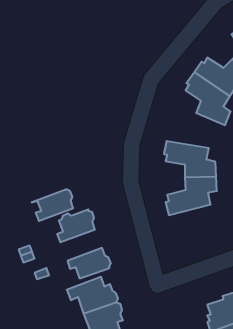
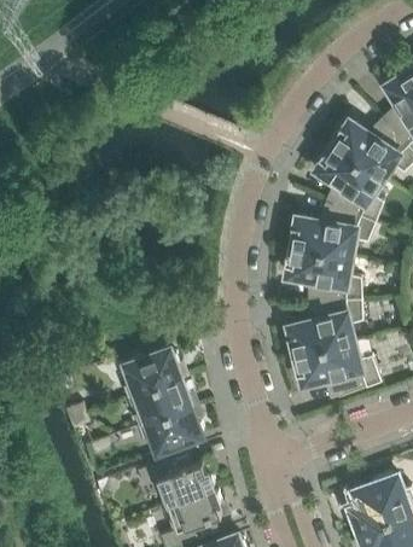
building: none -> [287,204,376,257]
building: [32,190,73,221] -> [128,379,191,426]
building: none -> [291,342,382,398]

